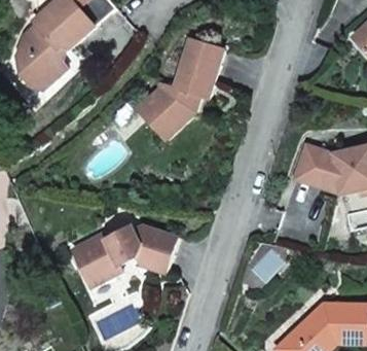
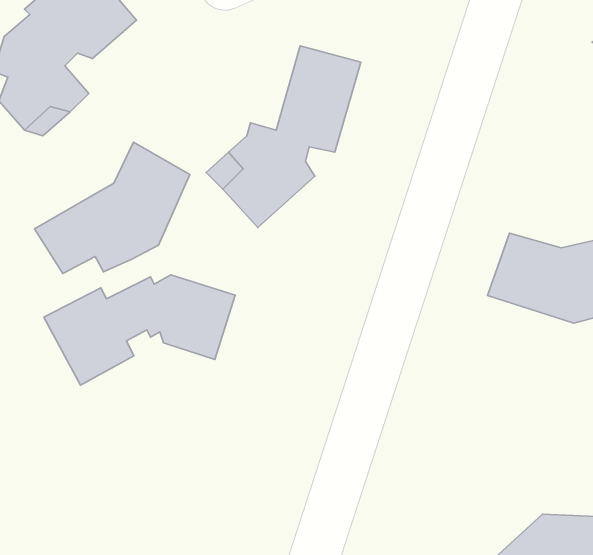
building: none -> [35,142,190,274]
building: [71,226,178,288] -> [44,275,235,385]

